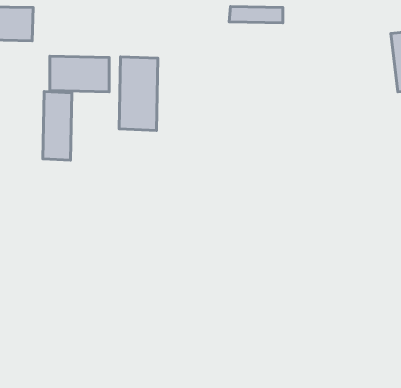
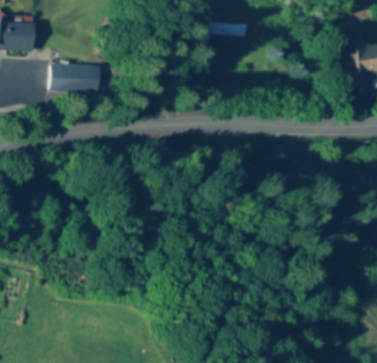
building: [119,57,158,130] -> none
building: [43,92,72,160] -> none

